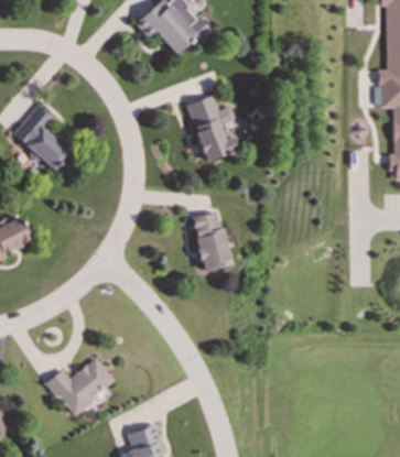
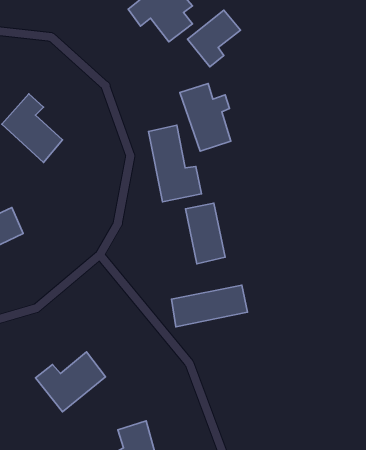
building: none -> [187,10,240,67]
building: none -> [149,125,202,202]
building: none -> [171,285,247,327]

